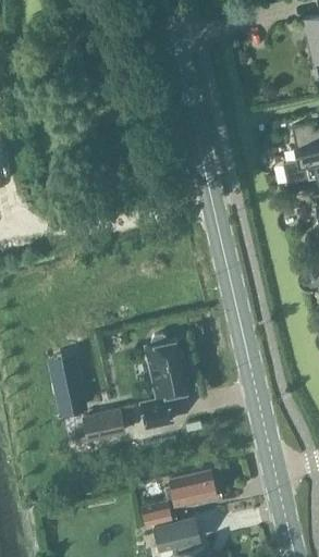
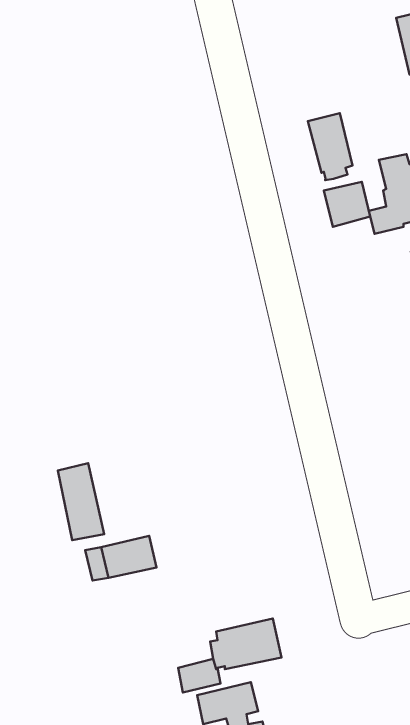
building: none -> [308,113,353,180]
building: none -> [324,182,370,227]
building: [140,336,194,429] -> none

